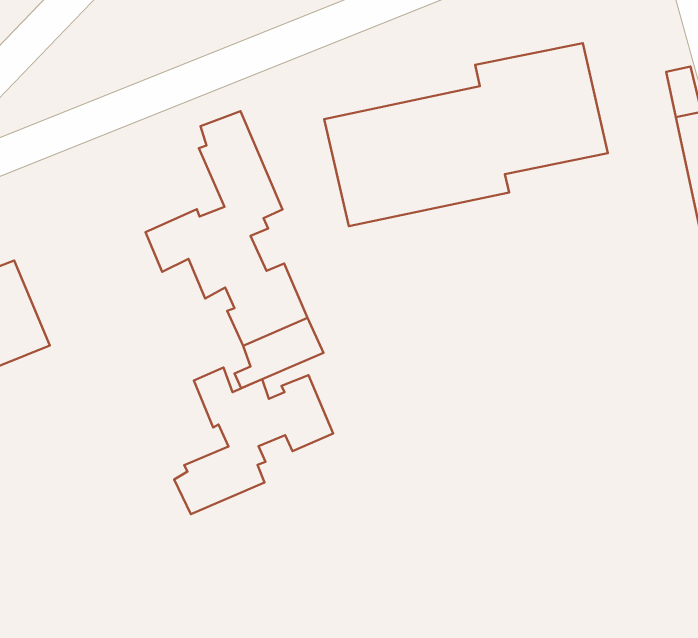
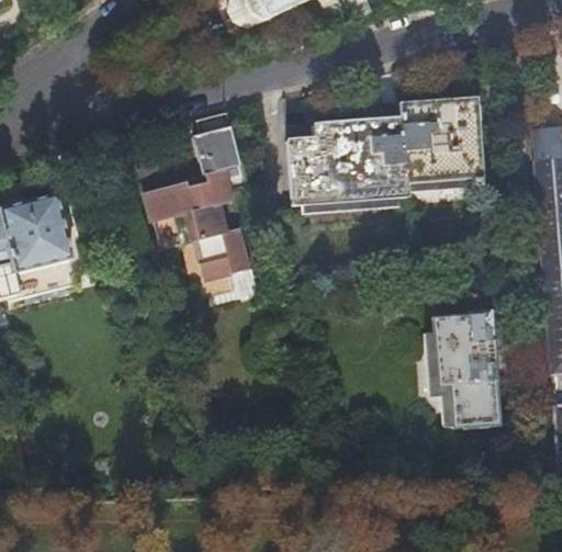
building: none -> [434,313,502,428]
building: [174,368,333,514] -> none

